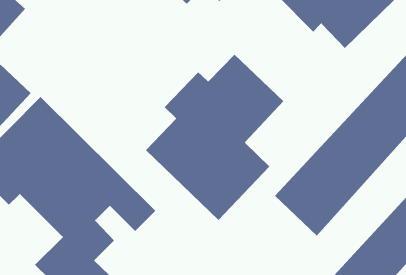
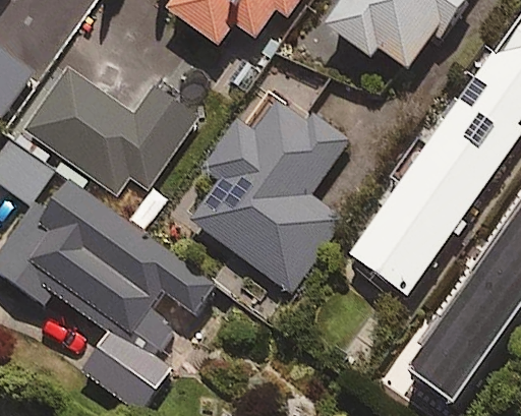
building: none -> [23,70,197,196]

